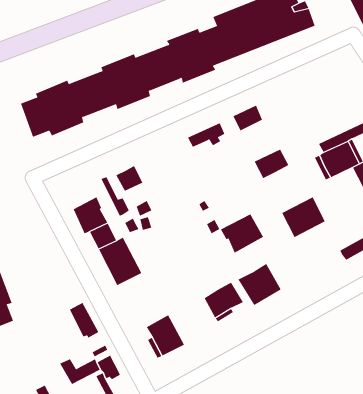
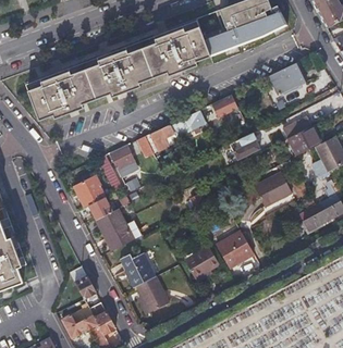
building: none -> [269,63,305,94]
building: none -> [146,122,176,150]
building: [220,214,264,253] -> none
building: none -> [119,252,156,288]

